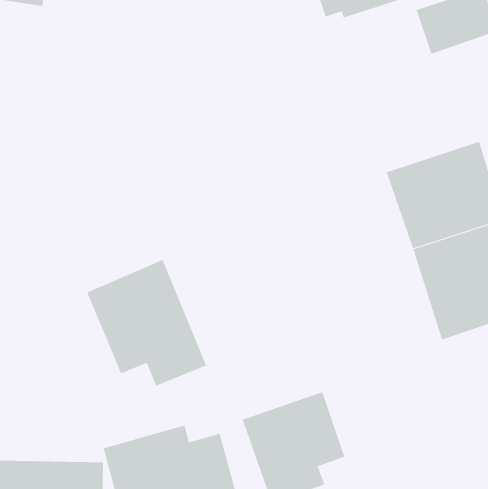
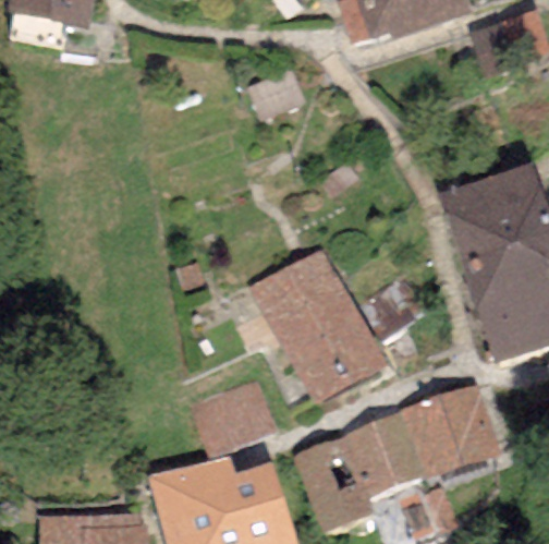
building: none -> [258,240,386,392]
building: [86,259,207,387] -> none
building: none -> [374,383,499,489]

